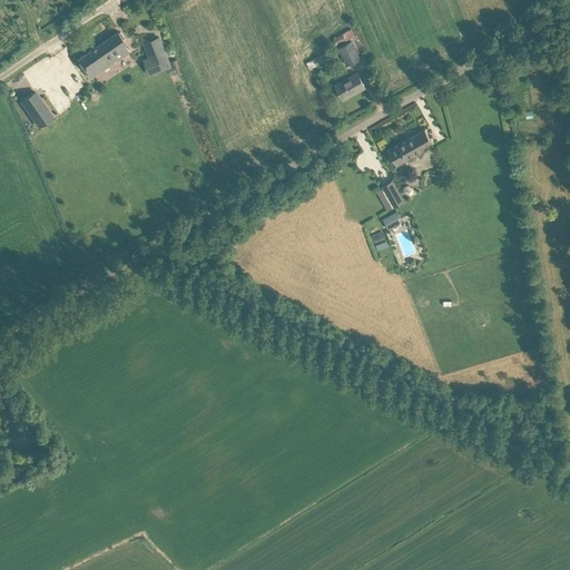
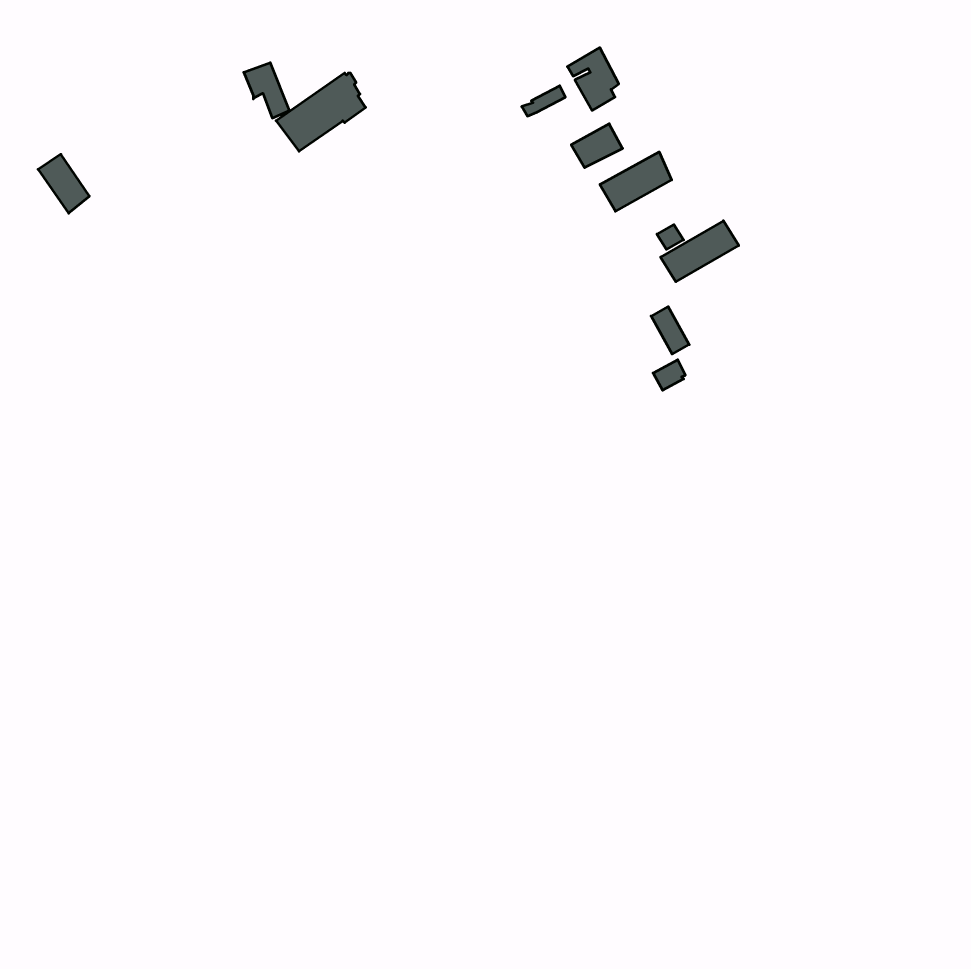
building: [76,33,128,79] -> [276,73,366,151]
building: none -> [600,152,672,211]

